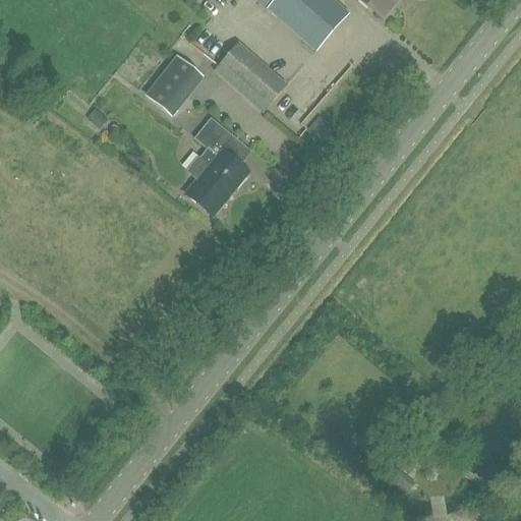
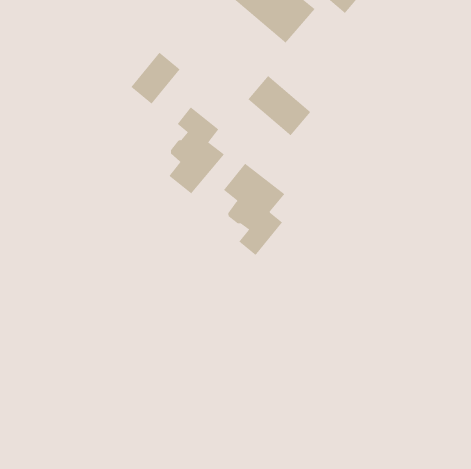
building: [216,43,286,110] -> [247,75,311,136]
building: none -> [223,163,285,256]

